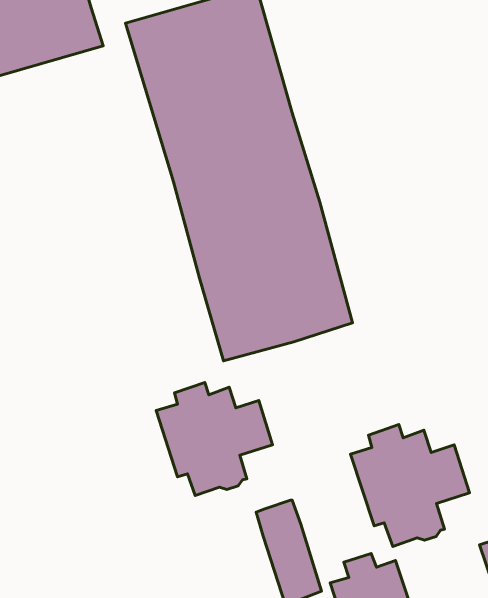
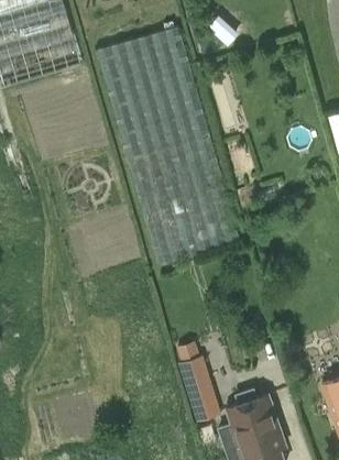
building: [156,382,273,496] -> none
building: [350,424,470,546] -> none

